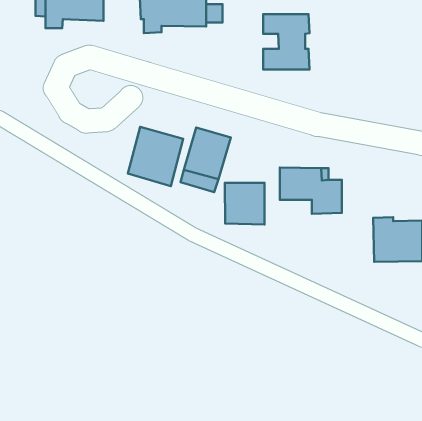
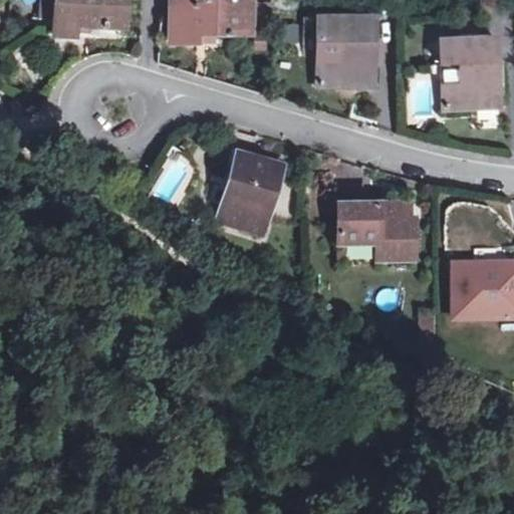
building: none -> [442,37,500,107]
building: [128,127,183,186] -> none
building: [225,183,265,225] -> none

